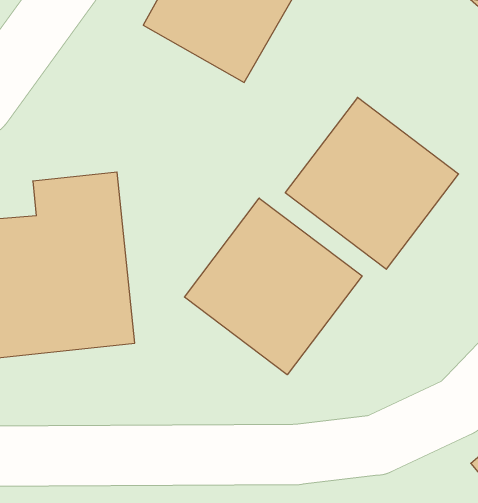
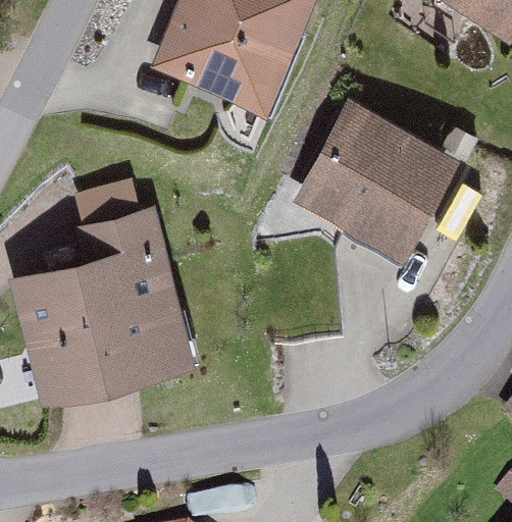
building: [184,198,362,375] -> none

